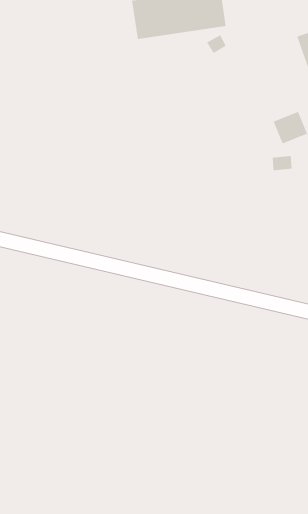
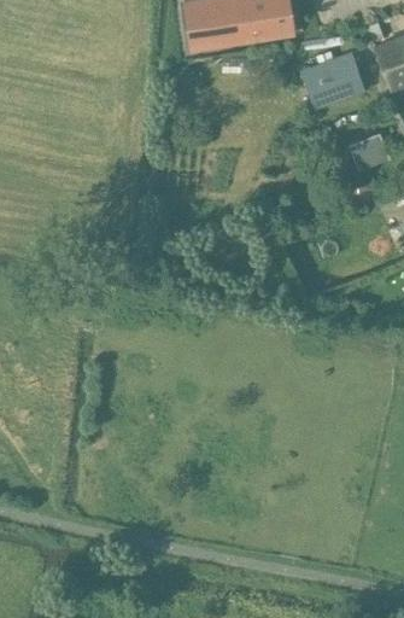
building: none -> [301,54,365,110]

